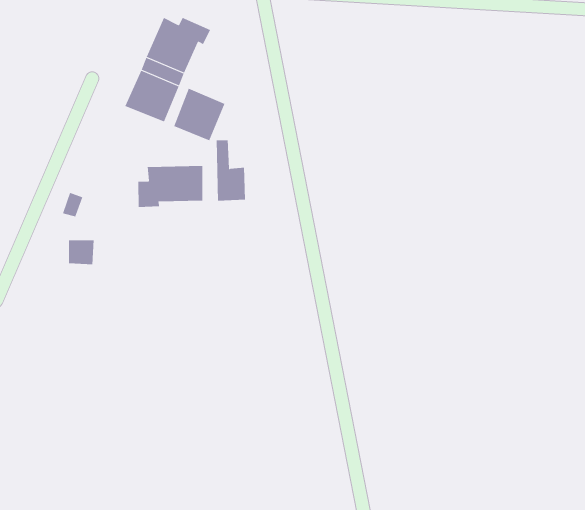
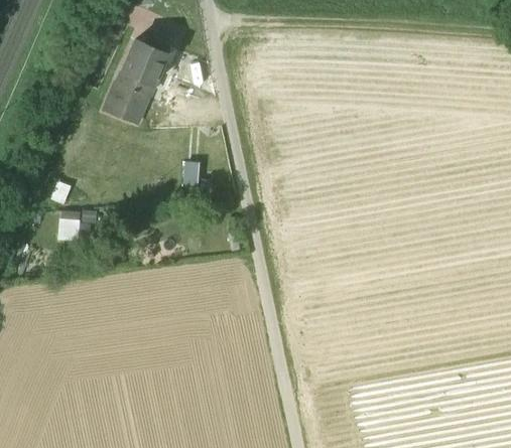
building: [174,88,225,141] -> none
building: [138,165,203,208] -> none

